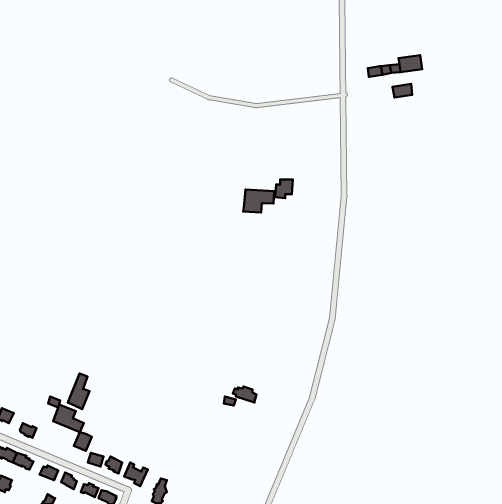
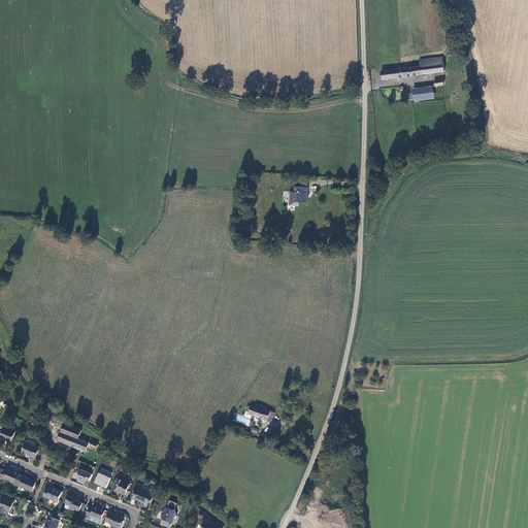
building: [243,189,274,213] -> none
building: [68,374,89,409] -> none

